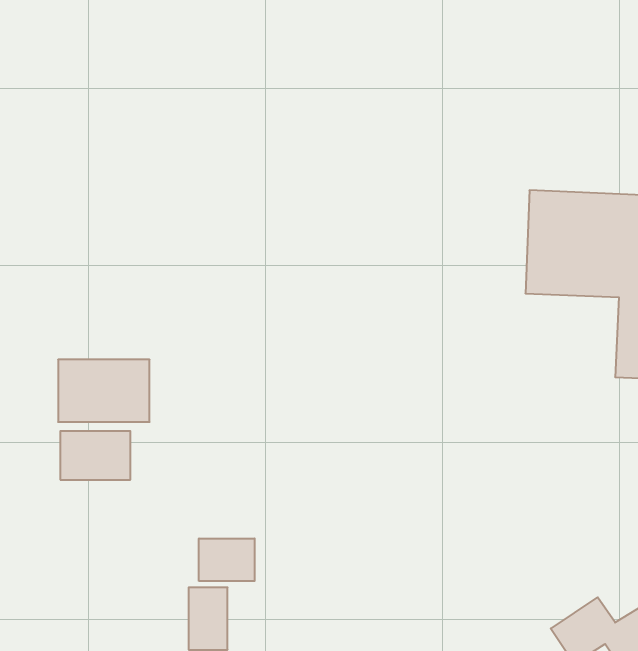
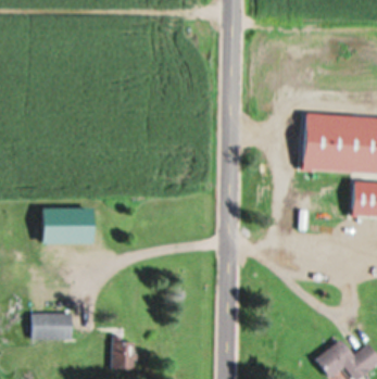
building: [60,431,130,480] -> [33,313,72,340]
building: [199,538,255,581] -> none

